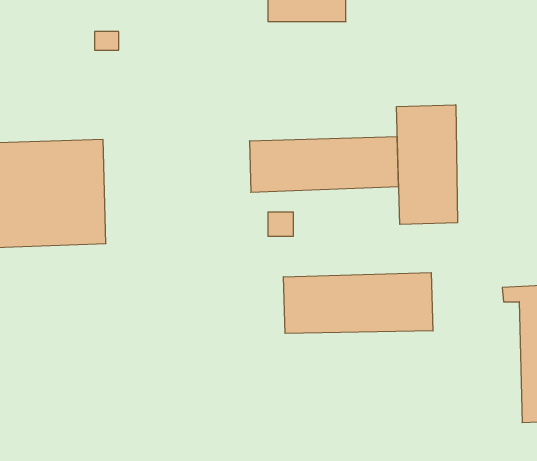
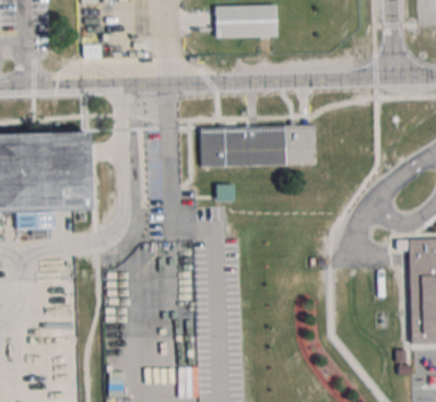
building: [397,105,457,224] -> none
building: [283,273,433,333] -> none

